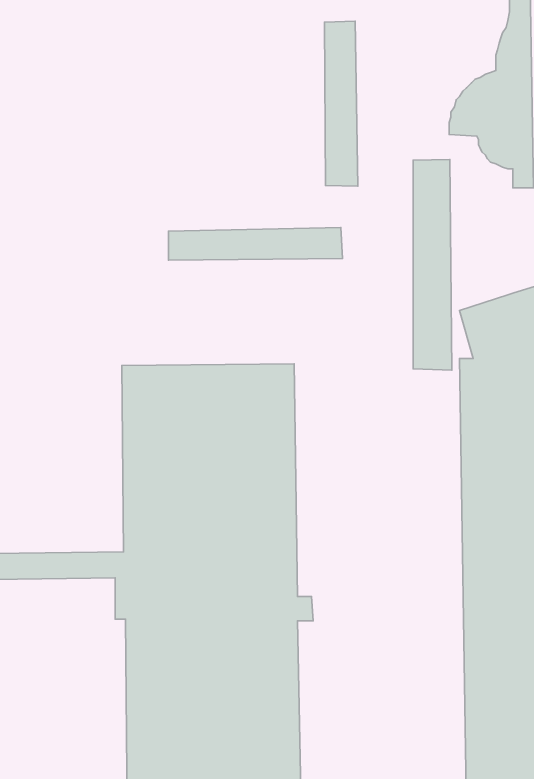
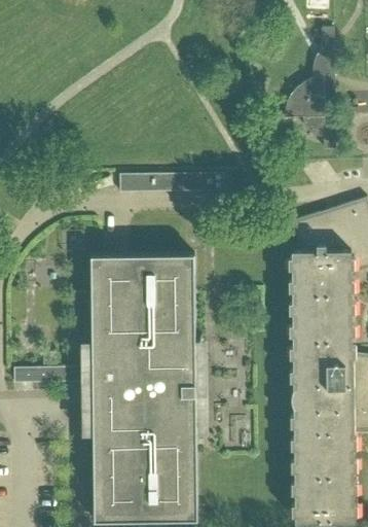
building: [324,21,358,186] -> none
building: [413,159,452,370] -> none

